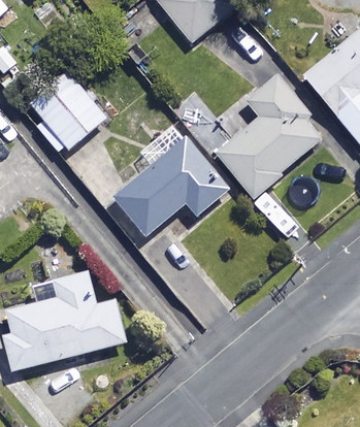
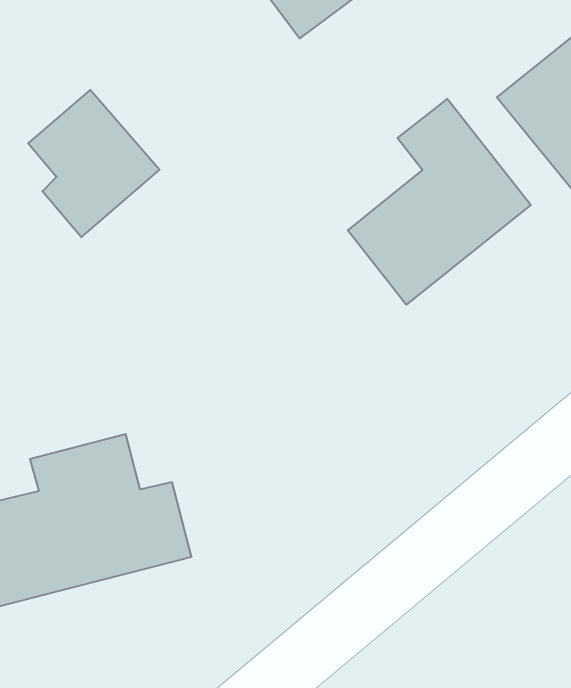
building: [113,123,229,236] -> none

